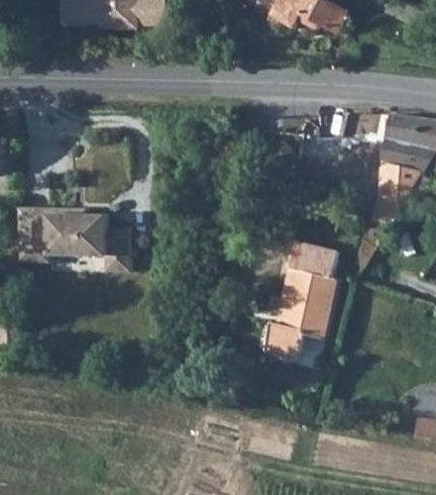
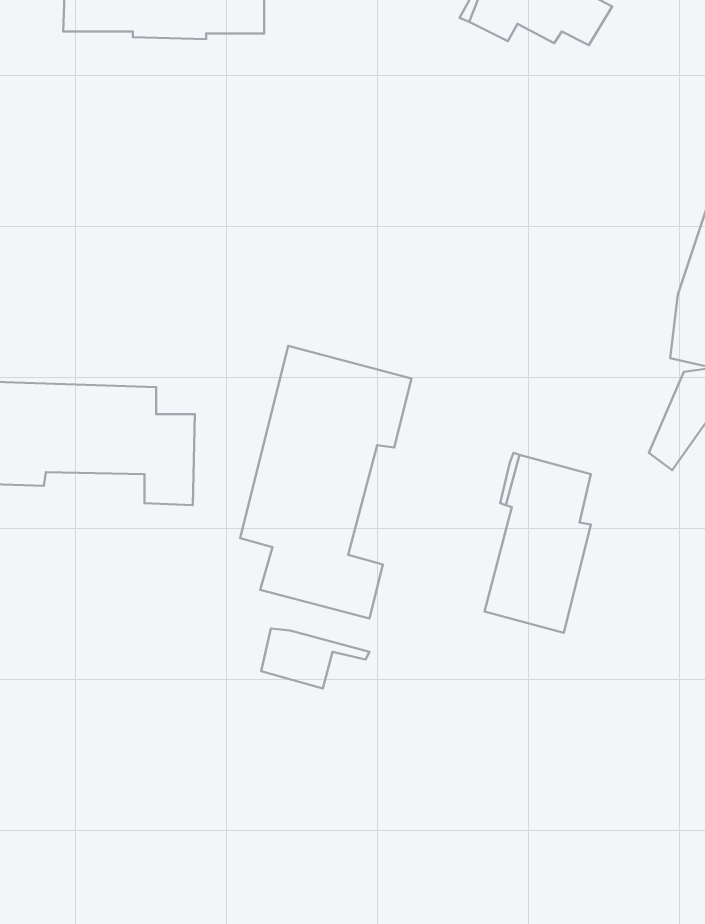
building: none -> [240,346,411,619]
building: [264,325,321,357] -> [261,629,369,689]

